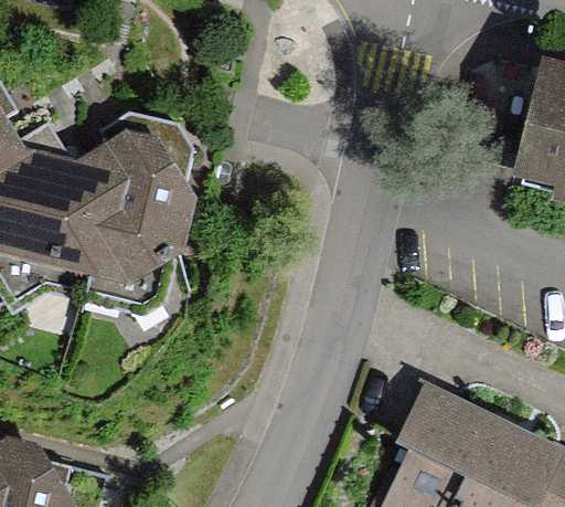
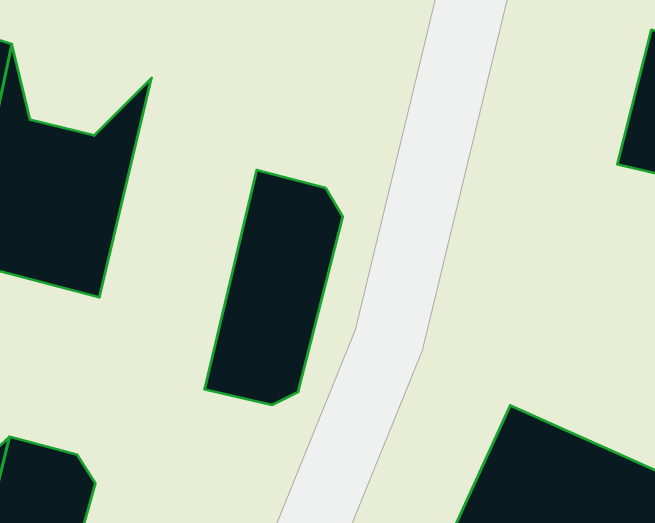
building: [85,115,202,314] -> [204,170,343,405]

